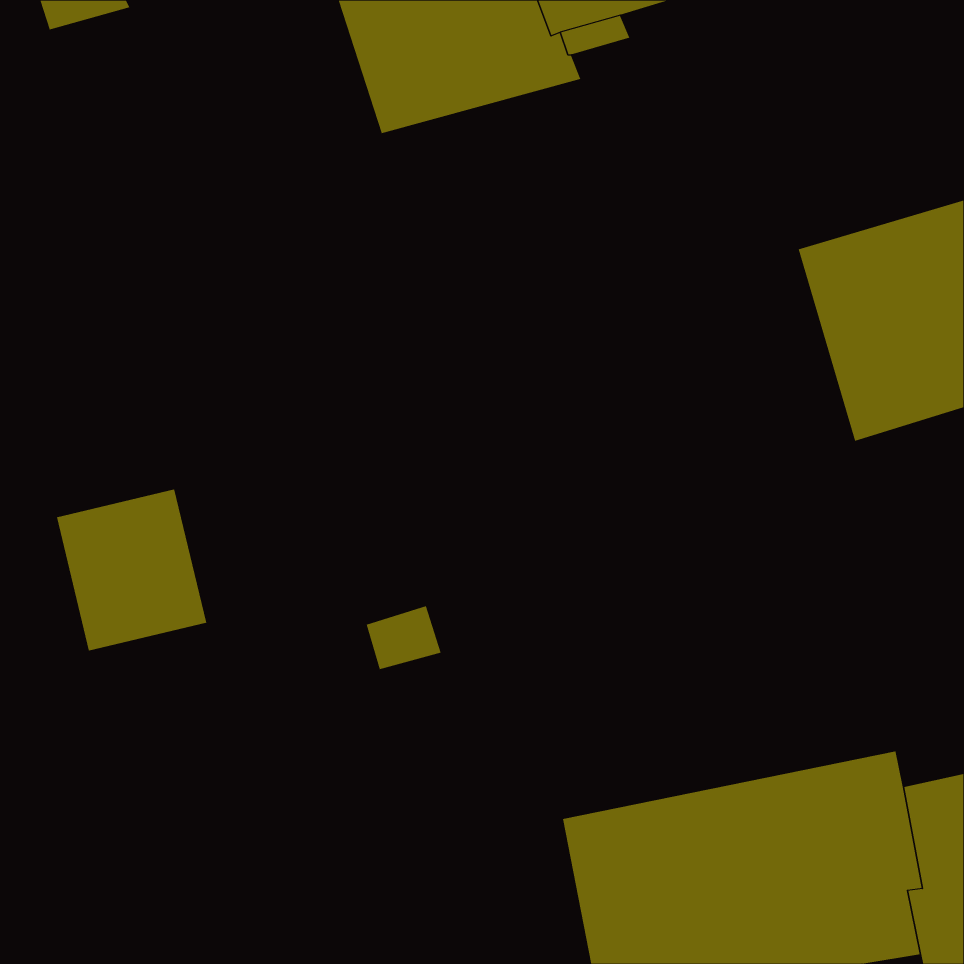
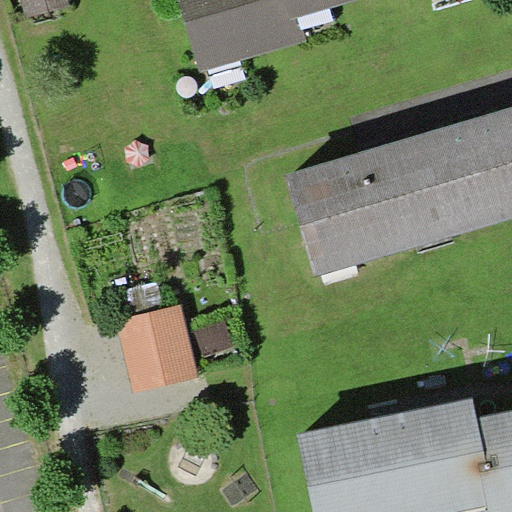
building: none -> [286,132,453,275]
building: [56,489,207,651] -> [118,305,198,391]

